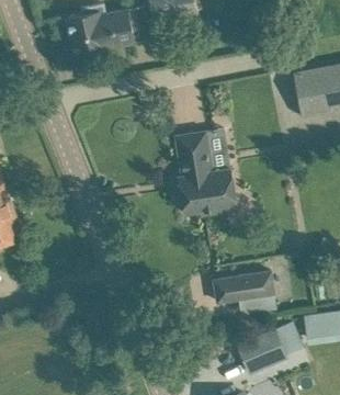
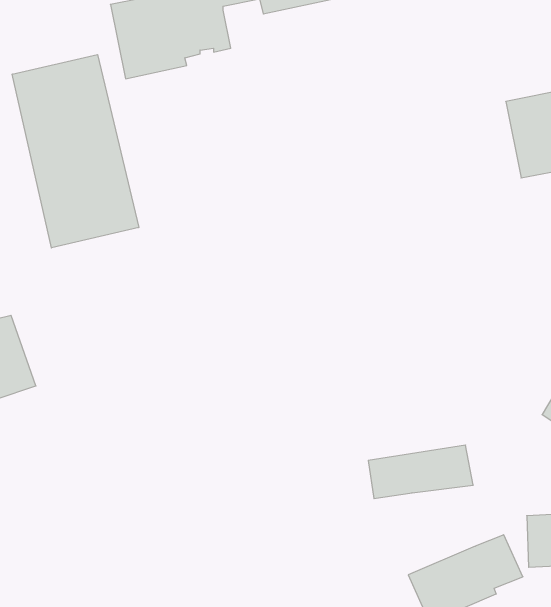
building: none -> [12,55,139,248]
building: [175,132,237,216] -> none

